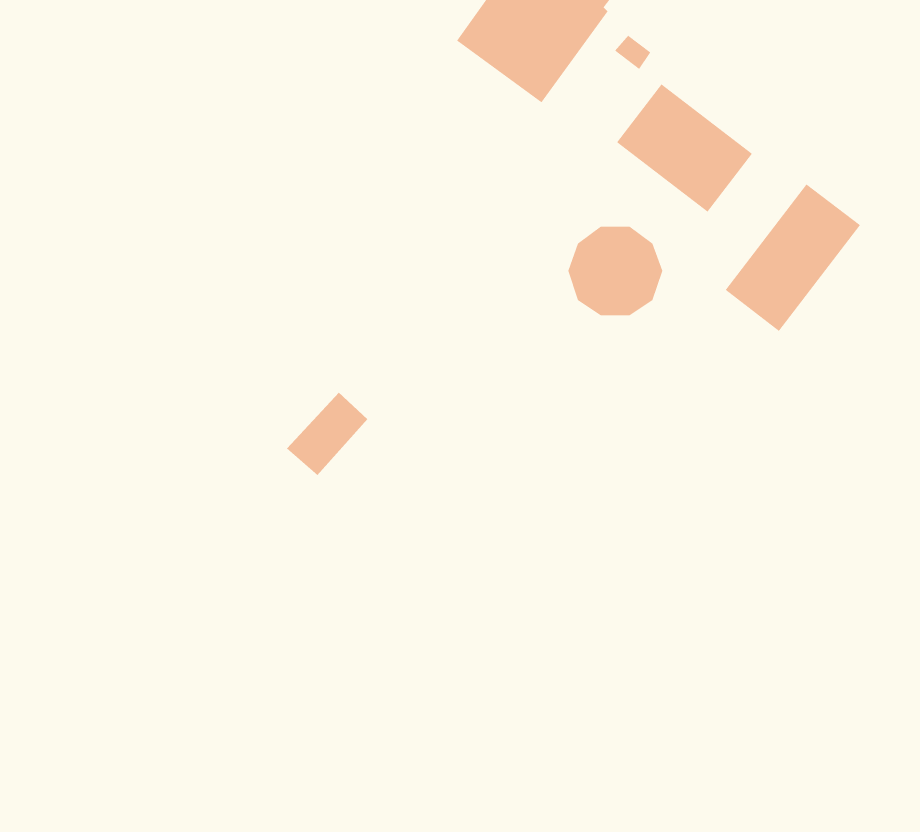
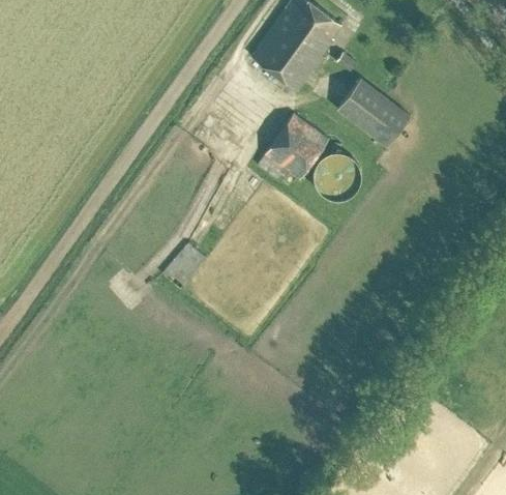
building: none -> [258,113,330,180]
building: [725,184,861,332] -> none

